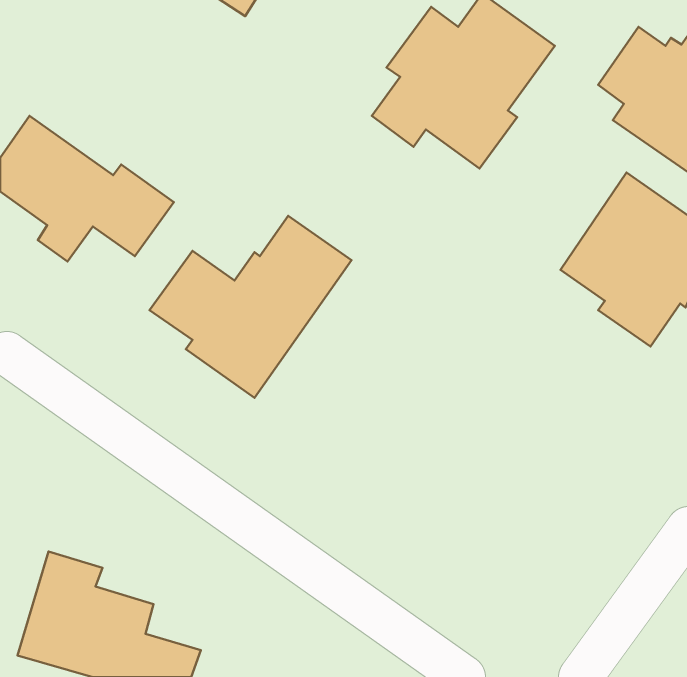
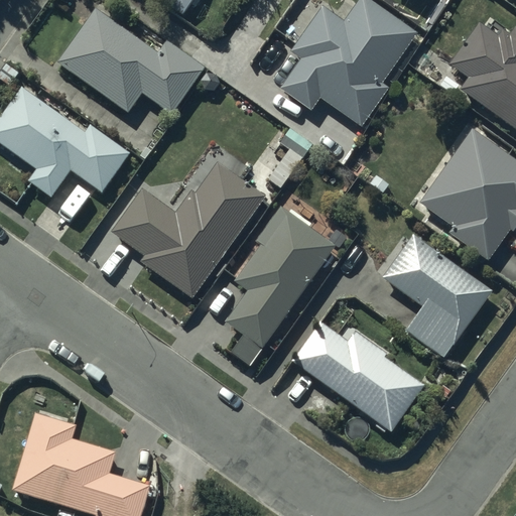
building: none -> [56,8,205,114]
building: none -> [225,208,334,348]
building: none -> [382,235,491,356]
building: none -> [292,322,425,432]

